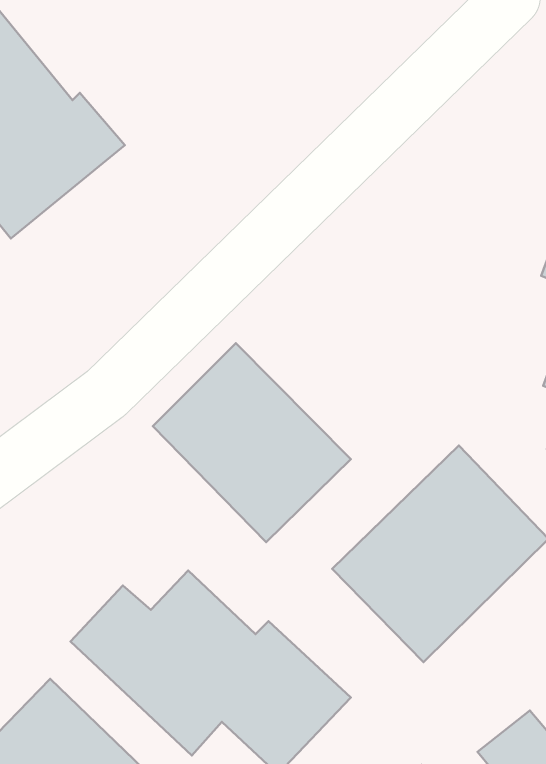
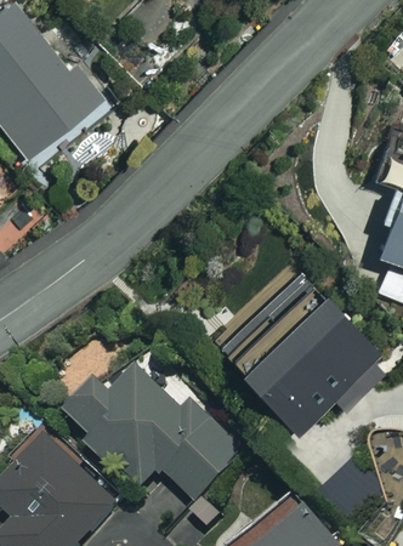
building: [153,343,351,542] -> none

